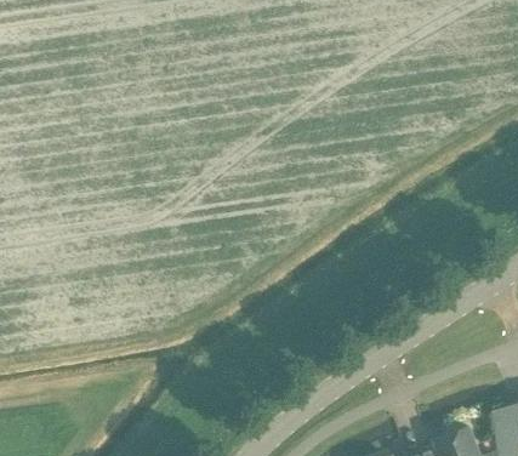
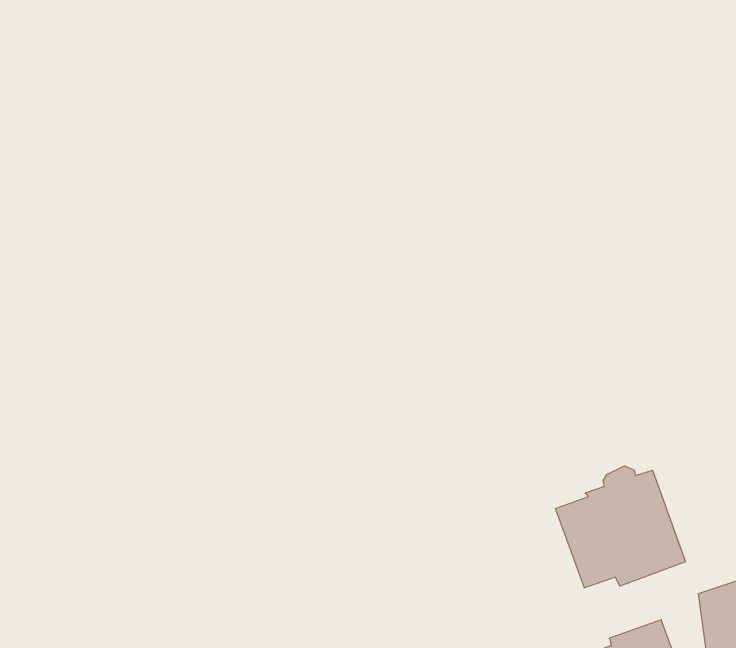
building: none -> [556,466,685,588]

